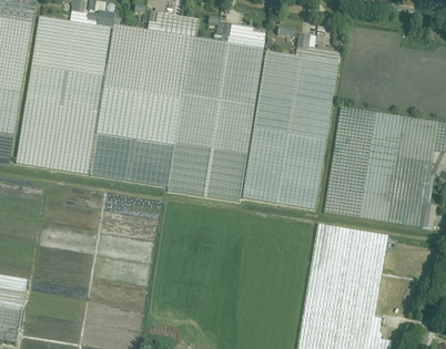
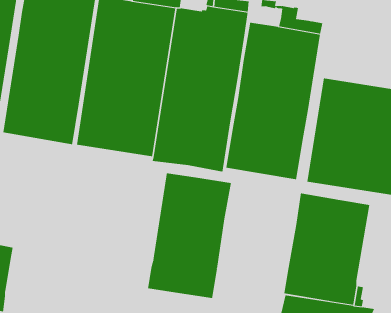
building: none -> [147,172,232,299]

